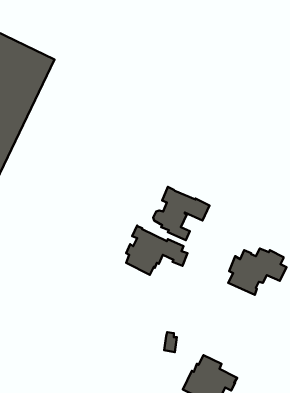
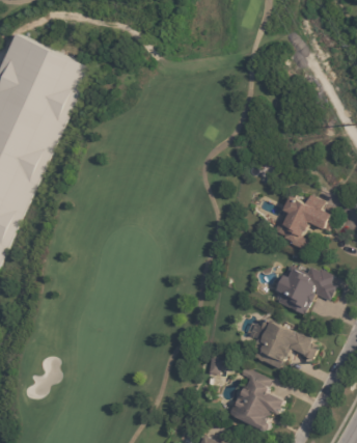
building: [153,187,209,240] -> [274,195,333,251]
building: [126,225,187,275] -> [253,317,318,369]

